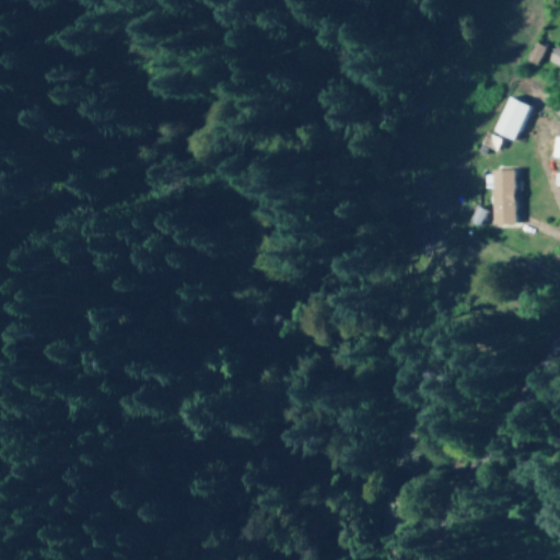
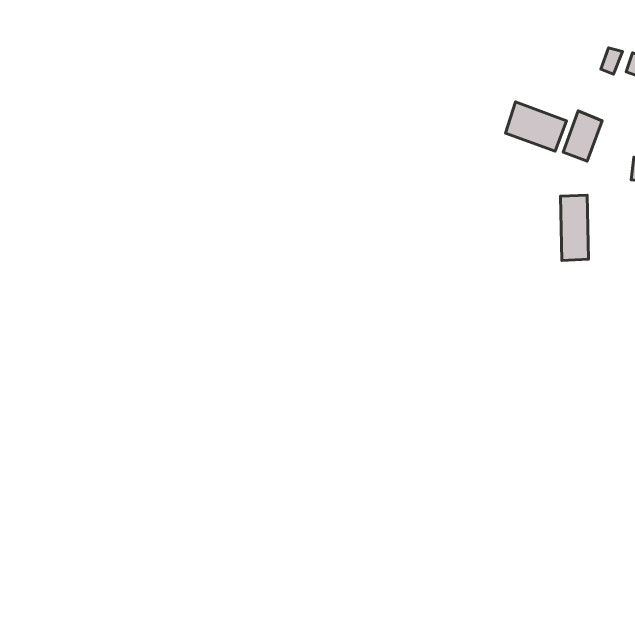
building: none -> [505,102,566,151]

